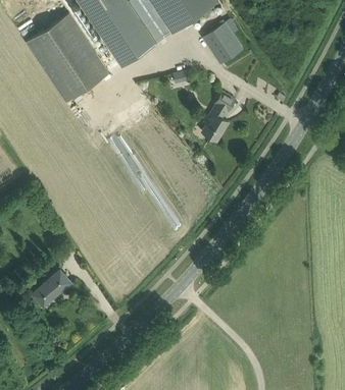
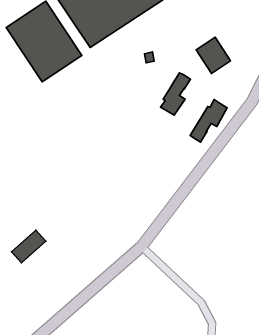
building: [202,20,241,61] -> [196,37,231,73]
building: none -> [190,100,227,142]

